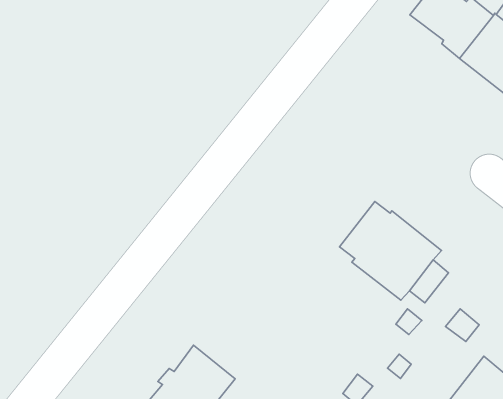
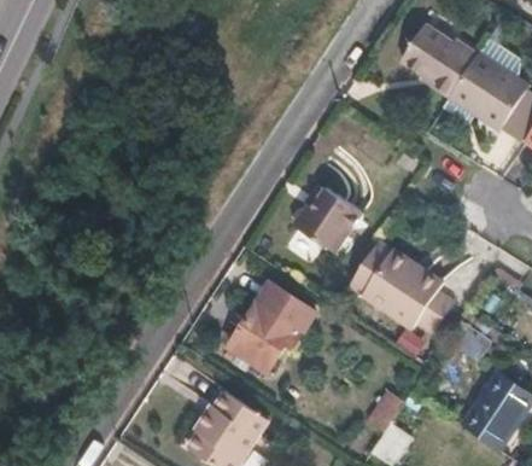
building: none -> [291,187,362,254]
building: none -> [227,280,315,368]

